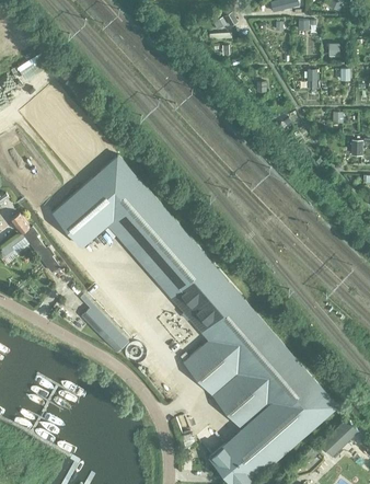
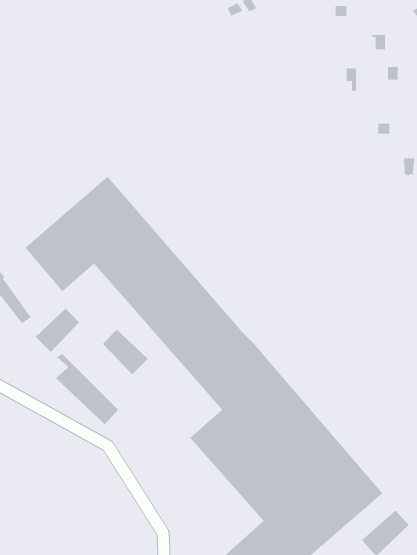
building: none -> [35,308,80,353]
building: none -> [102,329,148,375]

